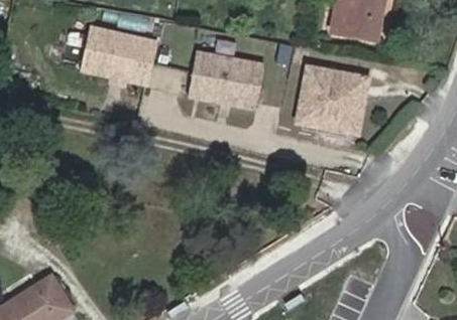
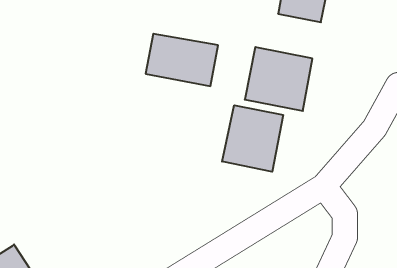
building: [83,27,159,85] -> none
building: none -> [222,105,283,172]

